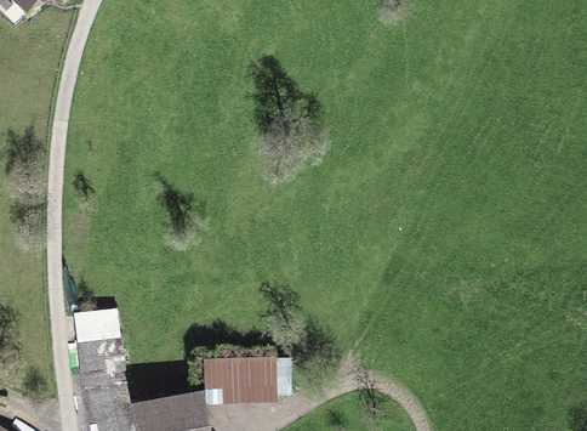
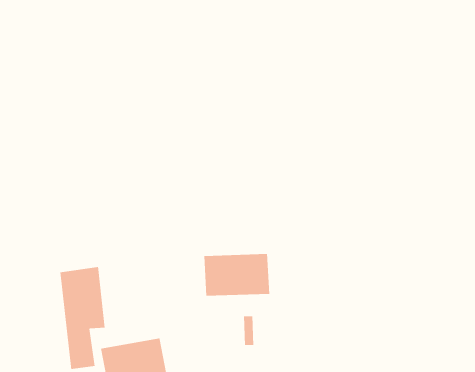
building: [203,363,277,410] -> [203,254,270,296]

